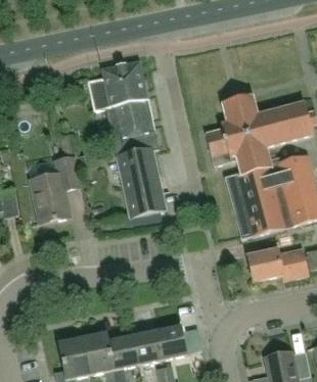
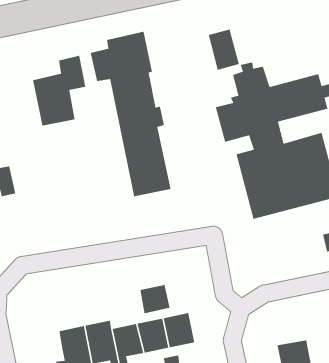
building: none -> [208,29,240,71]
building: [30,155,81,223] -> [32,55,86,126]
building: [248,247,308,280] -> none
building: none -> [140,284,170,314]

